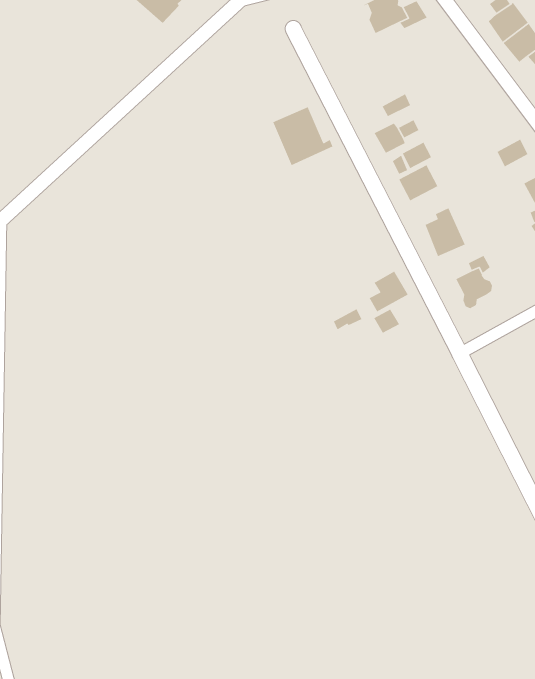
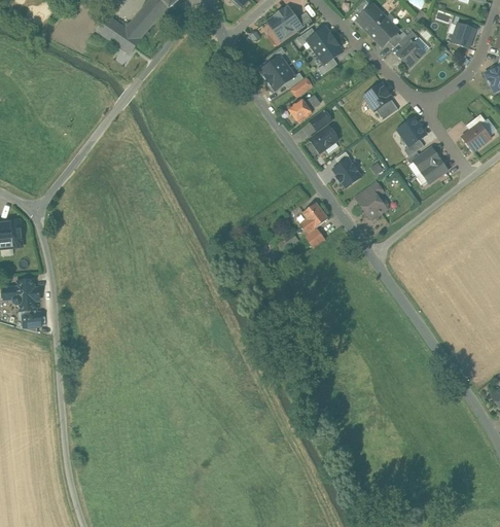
building: none -> [300,24,344,73]
building: [272,106,334,166] -> [256,49,301,93]
building: none -> [363,82,391,109]

